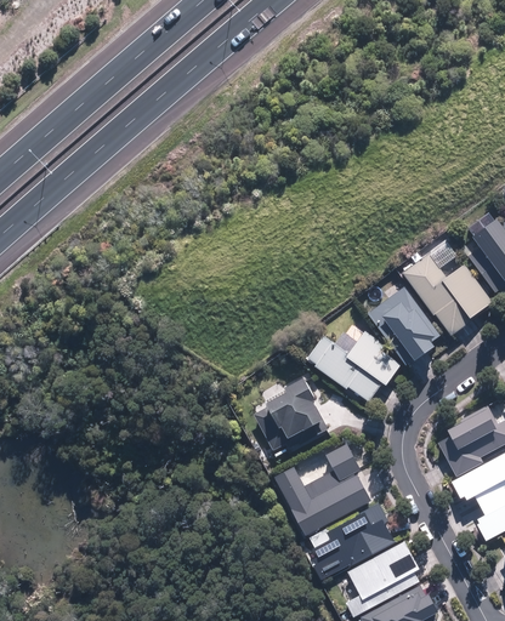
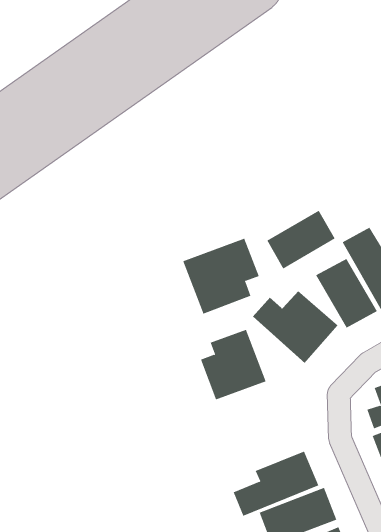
building: none -> [267,210,335,269]
building: none -> [183,238,260,314]
building: [271,445,370,536] -> none

